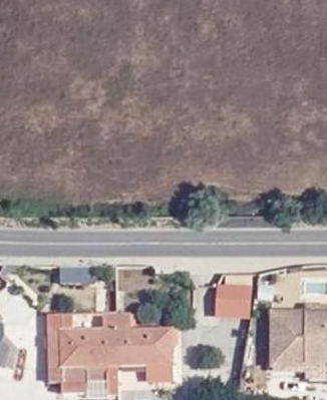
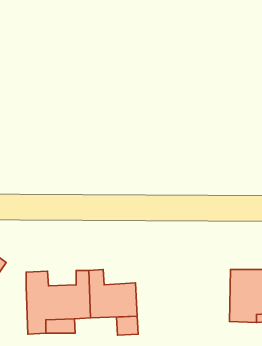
building: [215,291,245,323] -> none

